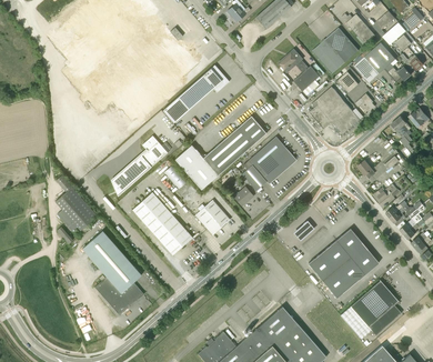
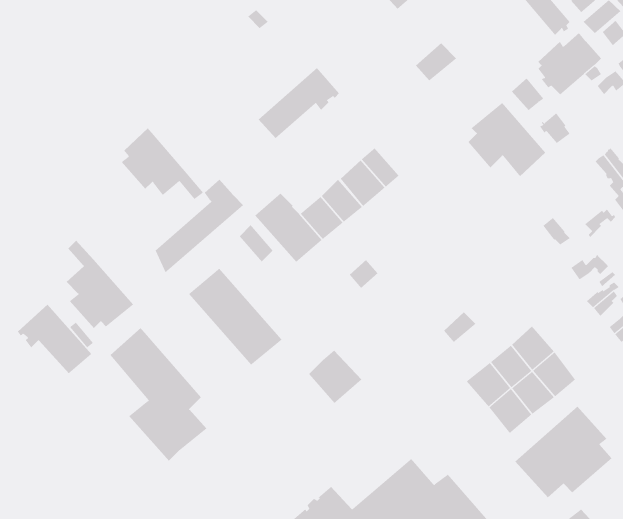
building: [312,28,359,74] -> none
building: [292,66,320,95] -> none
building: none -> [121,128,204,200]
building: [242,135,296,190] -> none
building: [195,200,230,234] -> [308,350,362,404]
building: none -> [17,304,92,374]

